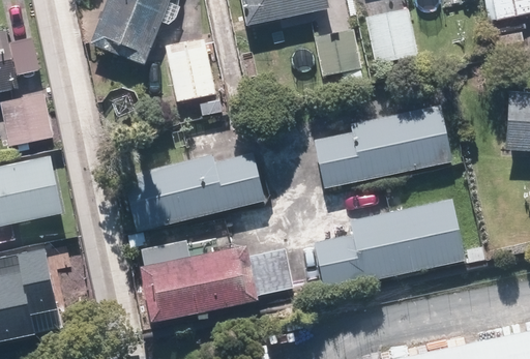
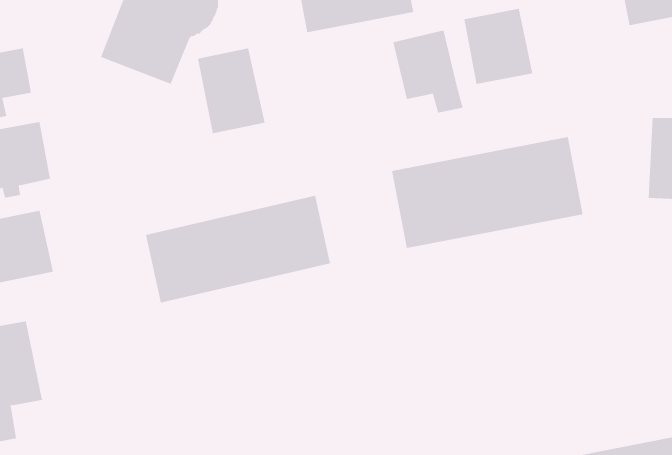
building: [312,201,466,289] -> none
building: [138,240,295,323] -> none

